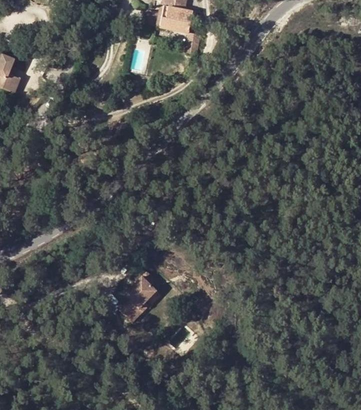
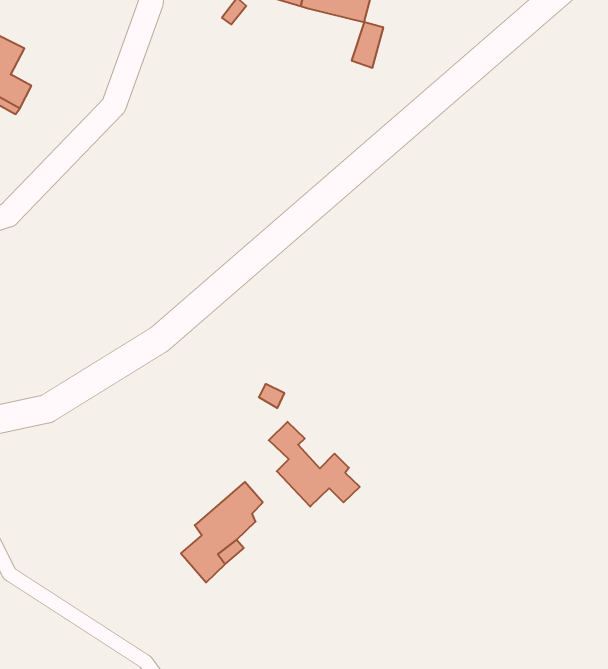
building: none -> [269,422,360,507]

